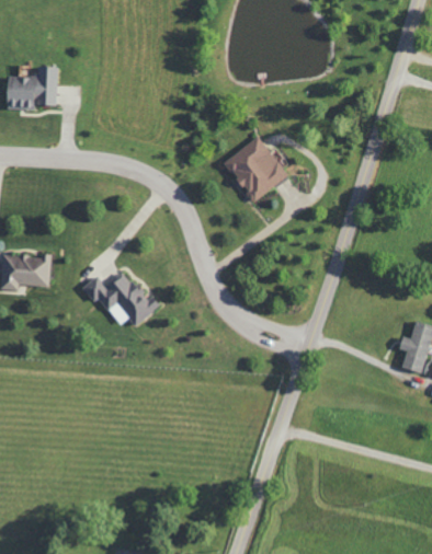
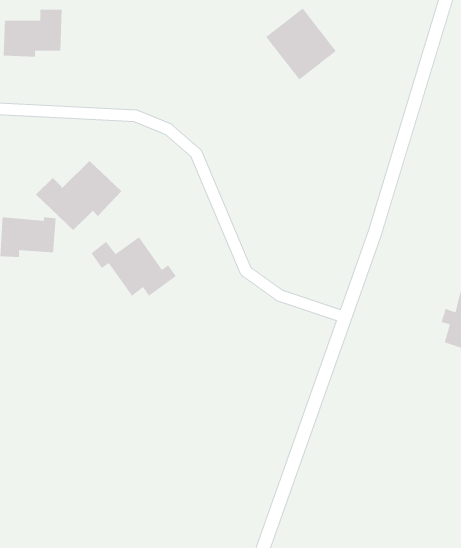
building: [224,137,288,203] -> [265,8,337,80]
building: none -> [35,160,122,231]

